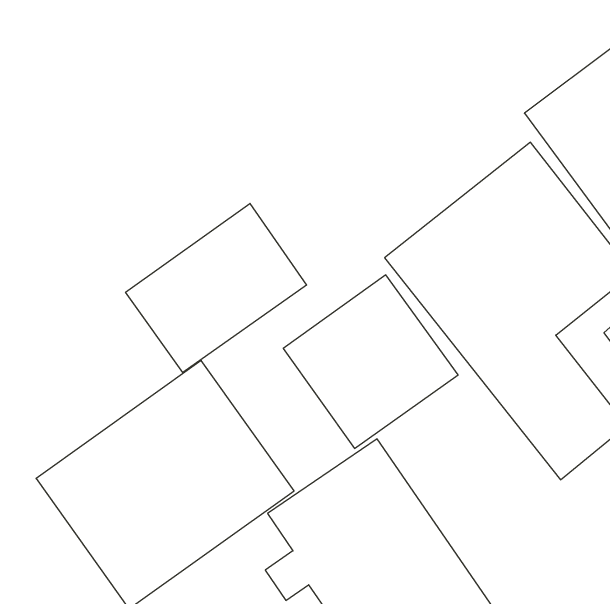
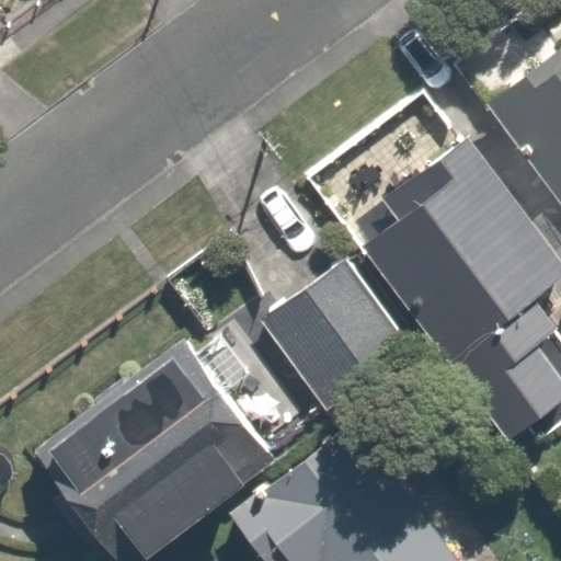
building: [126,203,307,373] -> none

